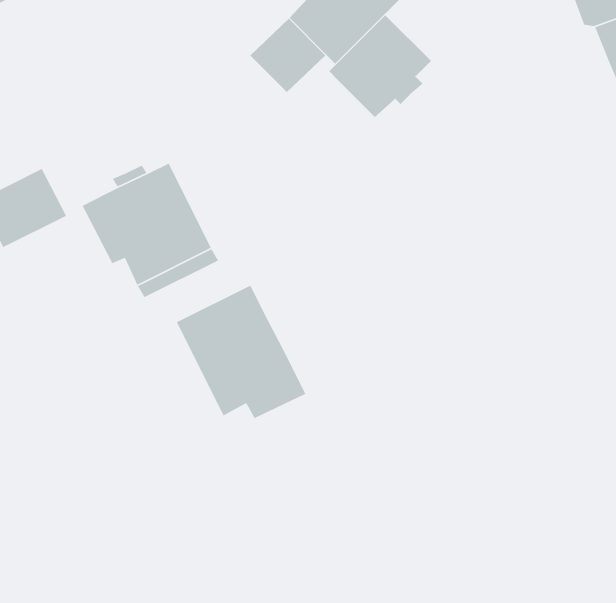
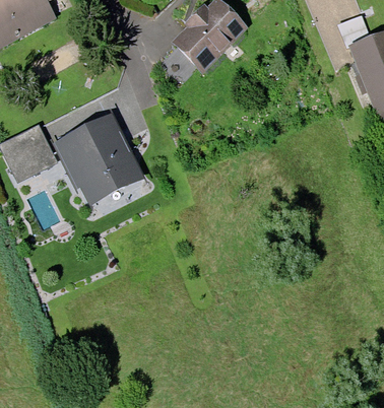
building: [328,14,432,118] -> none
building: [176,284,306,419] -> none

